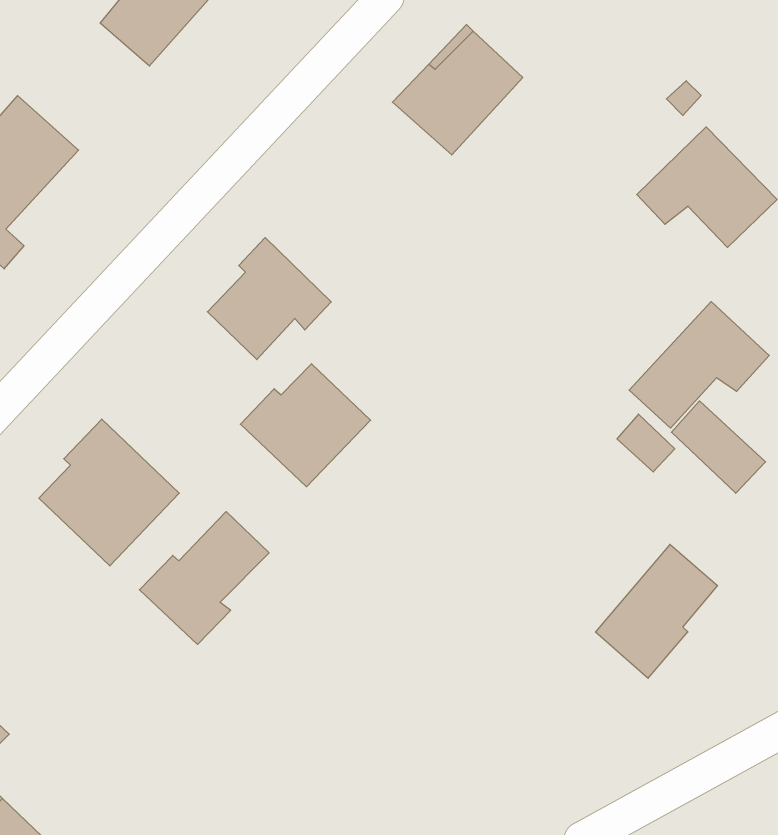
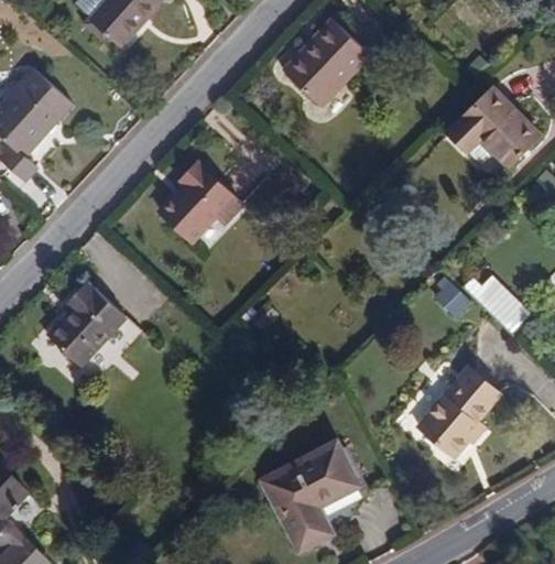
building: [629,302,769,428] -> none
building: [240,364,371,487] -> none
building: [139,512,269,644] -> none
building: none -> [262,438,368,550]

